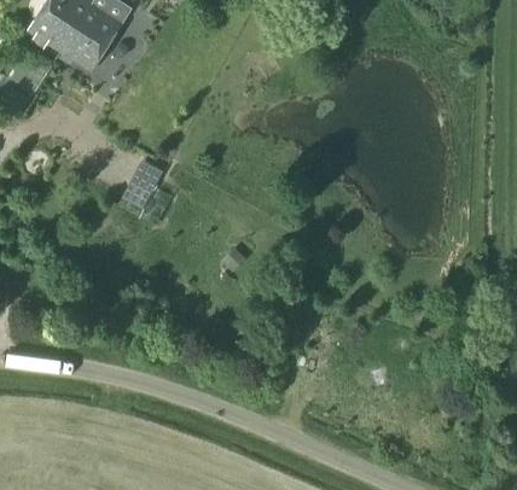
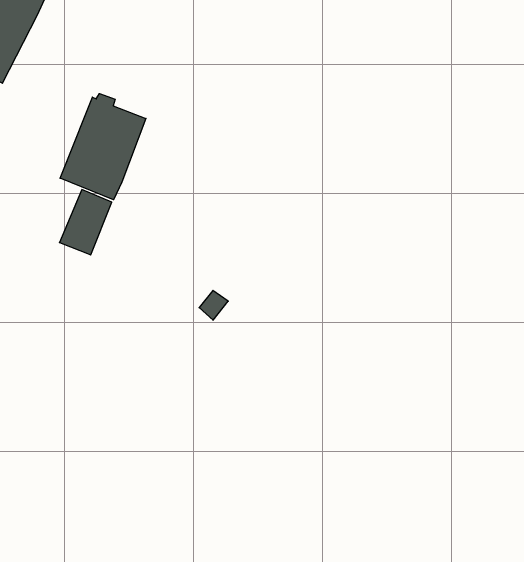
building: none -> [60,94,146,200]

